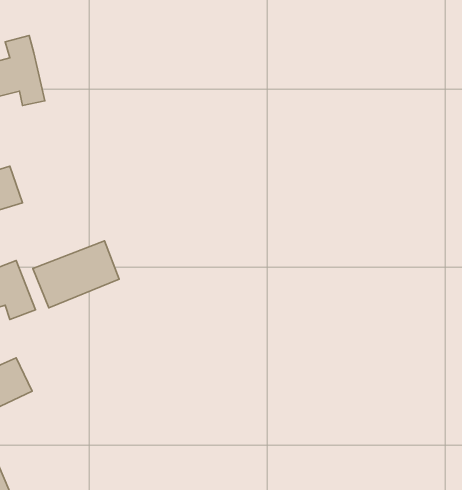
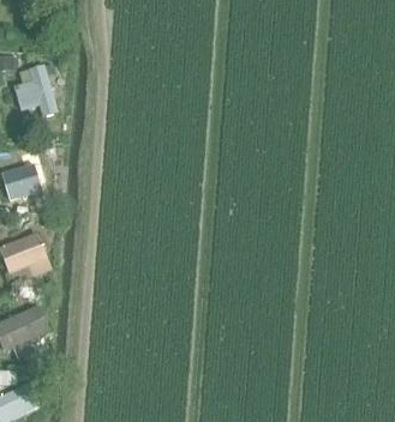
building: [33,241,119,308] -> none

